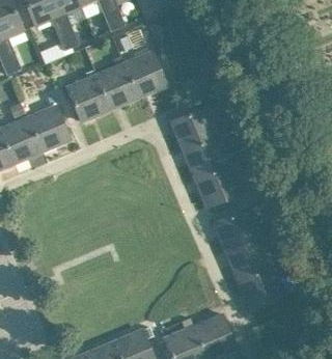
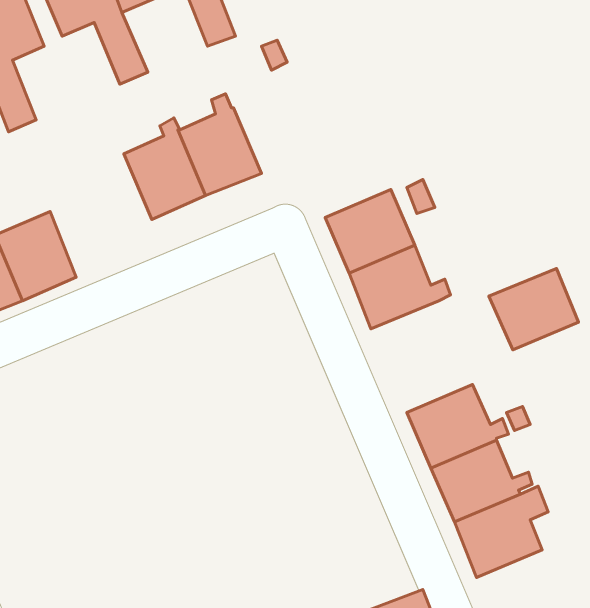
building: [123,44,167,98] -> none
building: [28,95,71,151] -> none
building: [195,164,242,206] -> [489,268,578,350]

